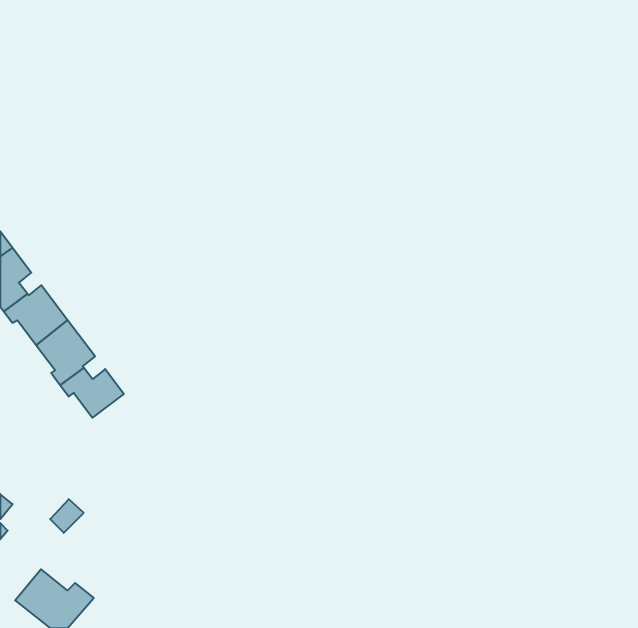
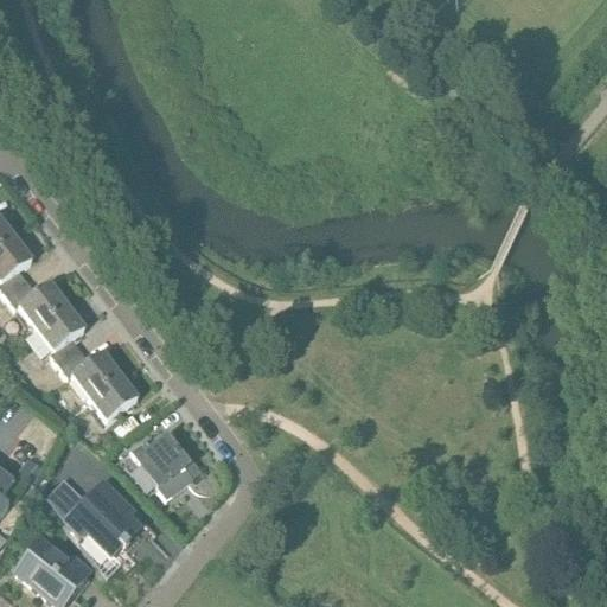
building: none -> [89,373,136,418]
building: none -> [129,436,202,496]
building: none -> [71,480,138,552]

